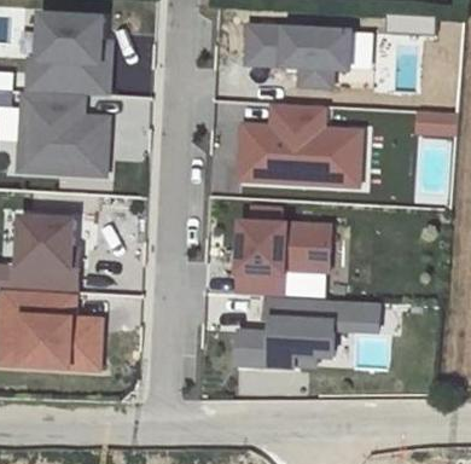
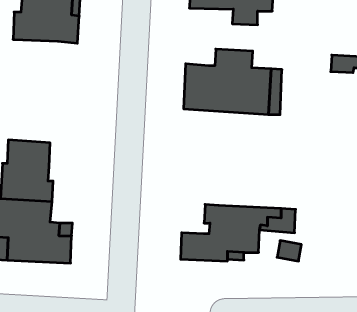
building: [17,93,105,176] -> none
building: [232,222,328,298] -> none

